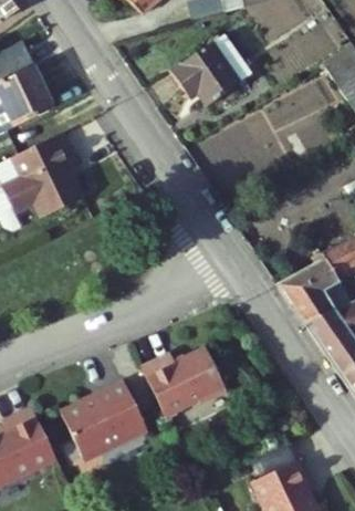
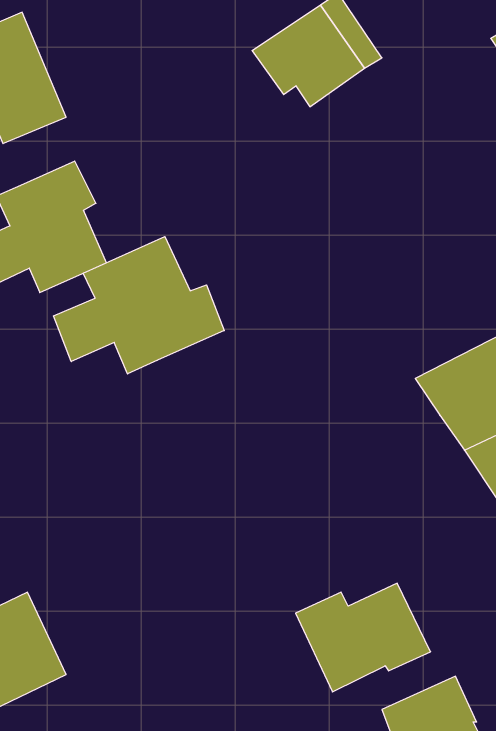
building: none -> [53,237,224,374]
building: [142,353,227,421] -> [296,583,431,692]
building: [60,386,147,462] -> none

